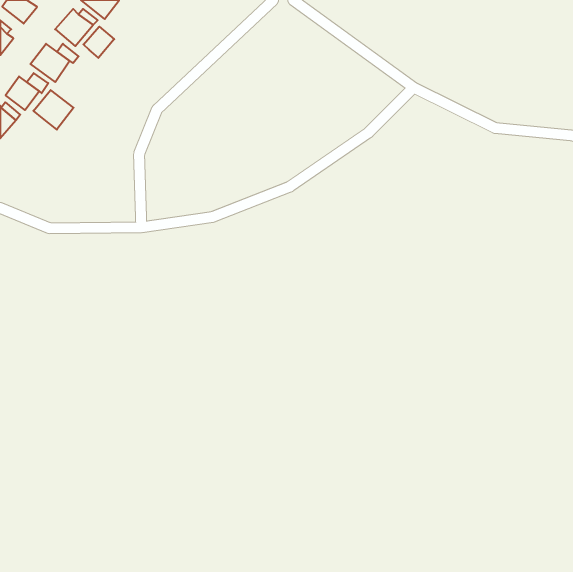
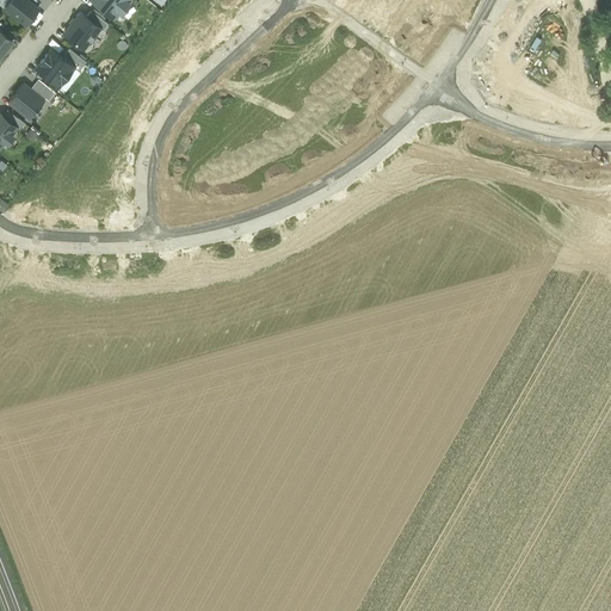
building: [83,27,114,58] -> none
building: [33,90,74,130] -> none

